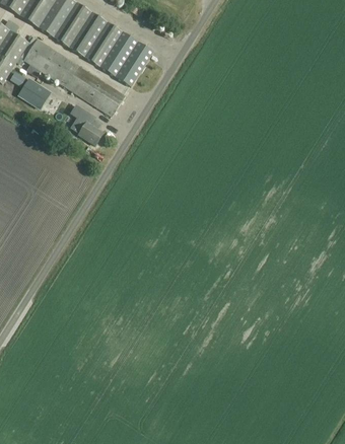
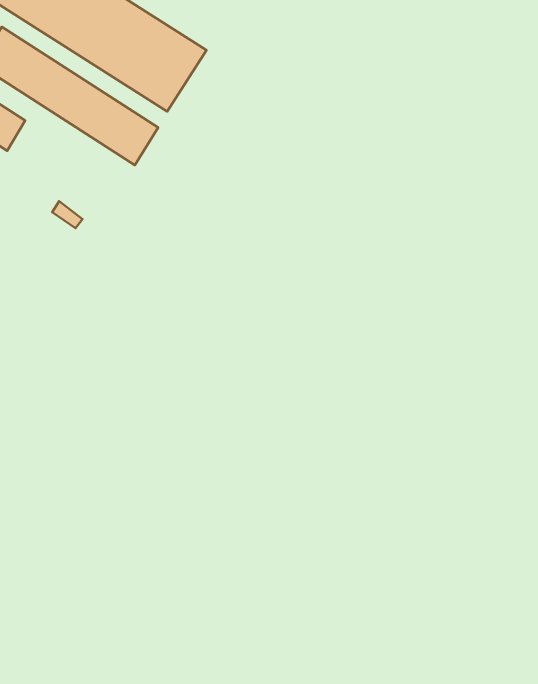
building: [77,117,102,144] -> none

